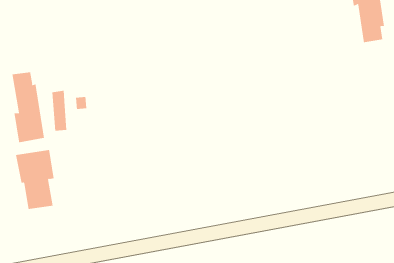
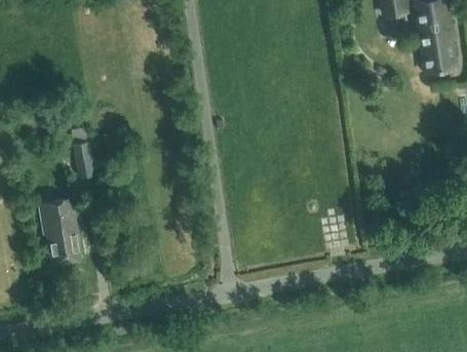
building: [12,72,45,143] -> none

